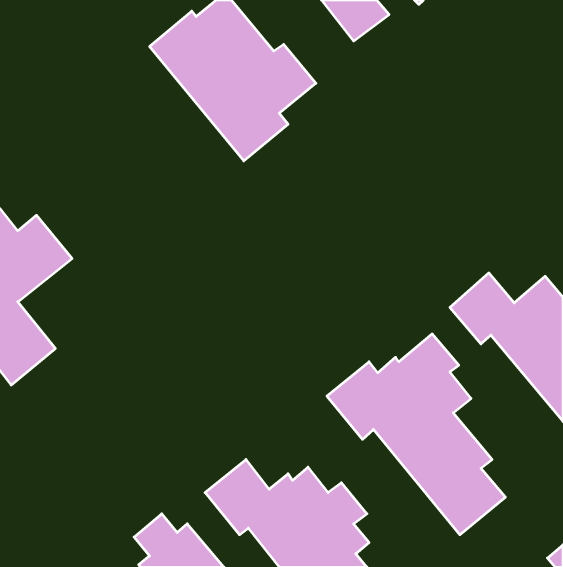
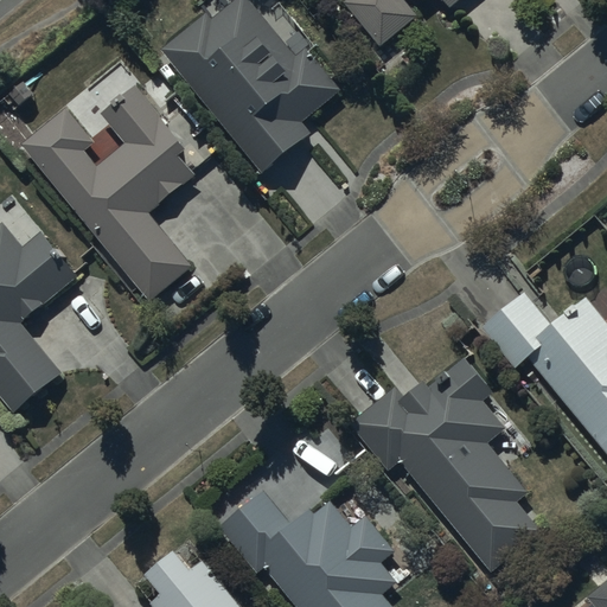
building: none -> [21,83,193,296]

